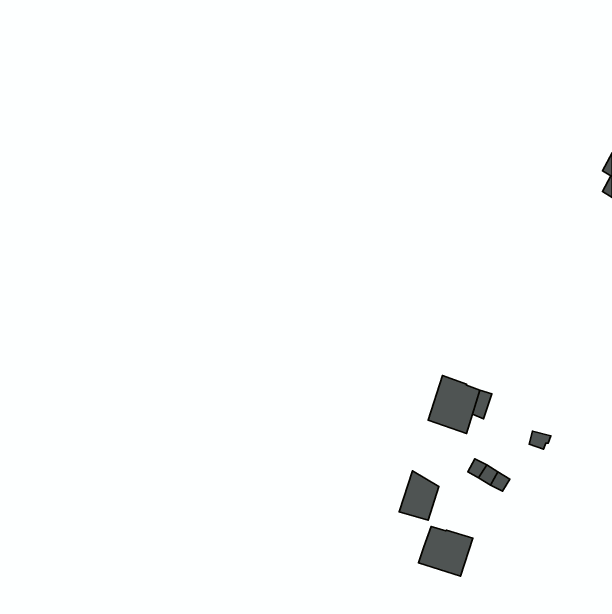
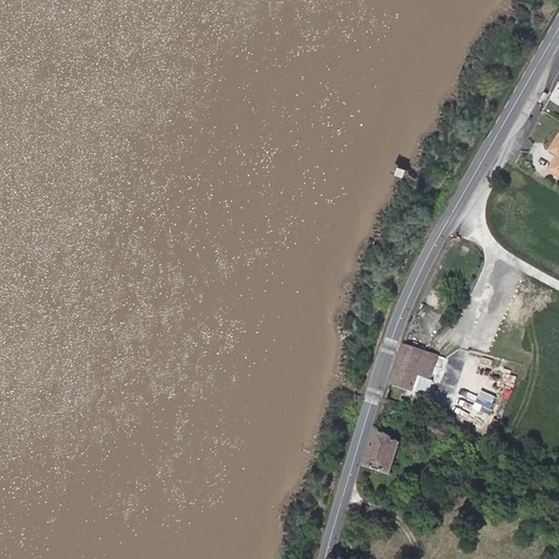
building: [418,527,473,576] -> none

